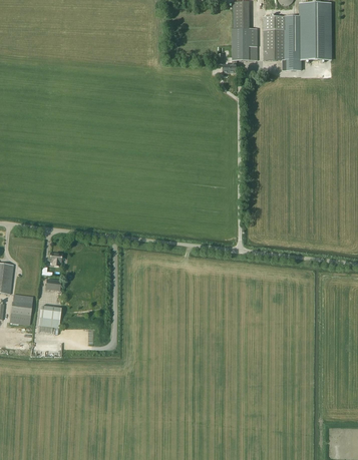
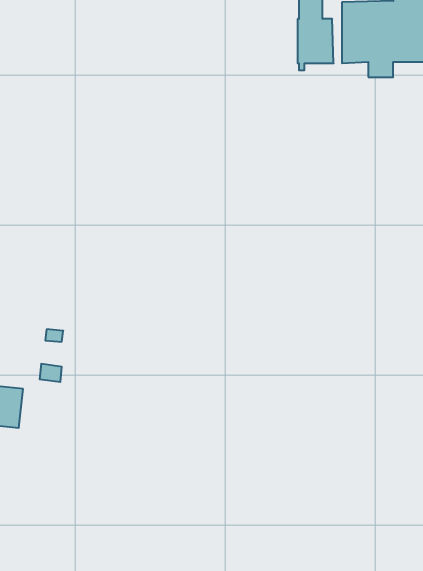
building: [39,306,61,328] -> none

